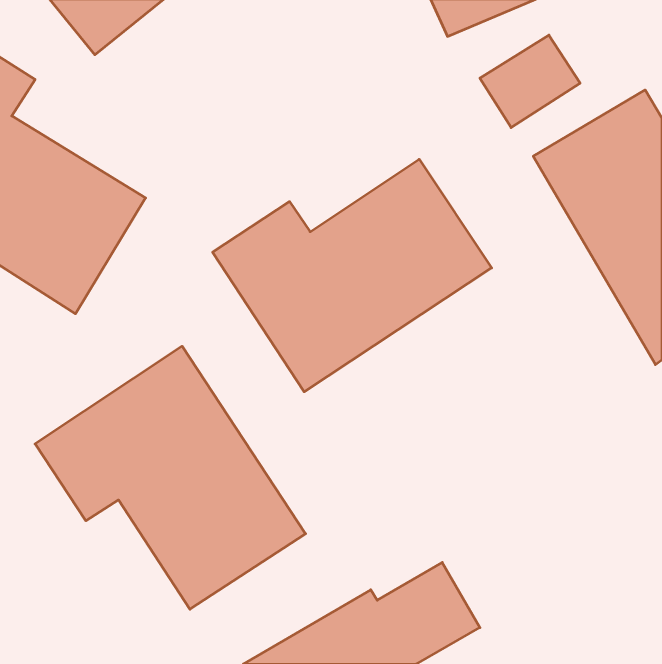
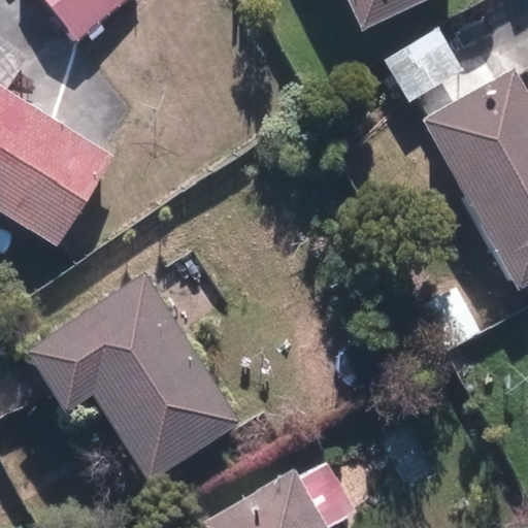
building: [213,159,492,392] -> none

